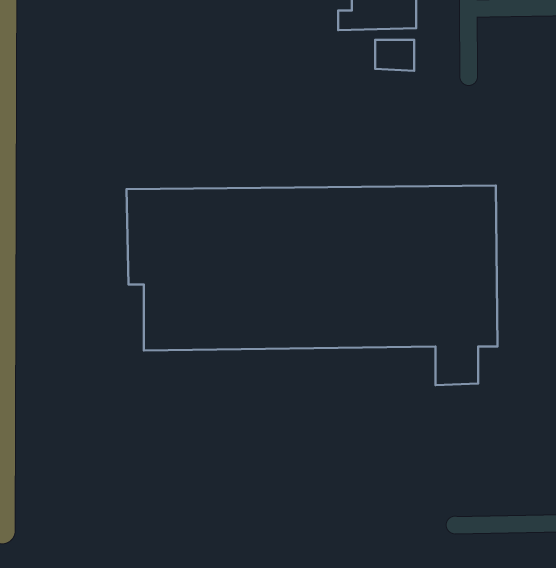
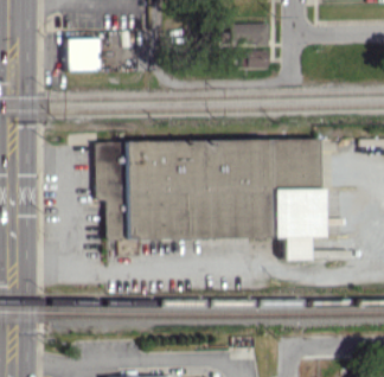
building: none -> [68,38,101,69]

